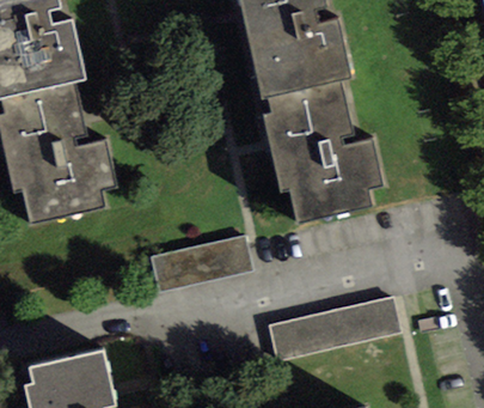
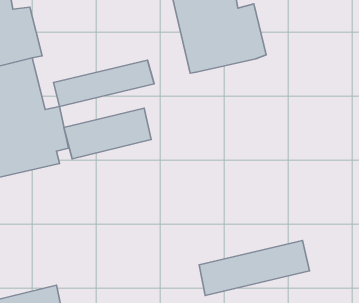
building: [263,83,379,223] -> none
building: none -> [54,60,154,107]
building: [154,231,257,291] -> [64,108,151,159]

